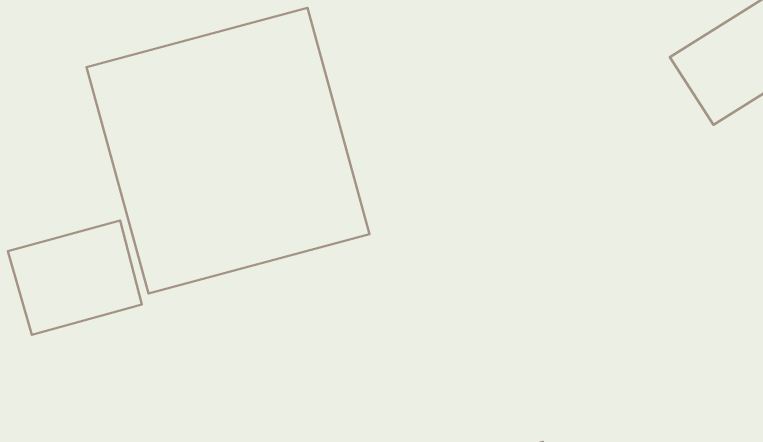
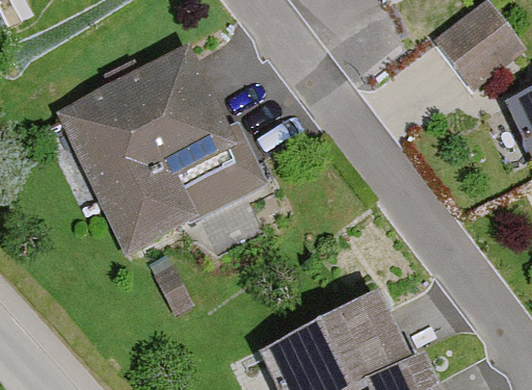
building: [8,221,142,335] -> none

